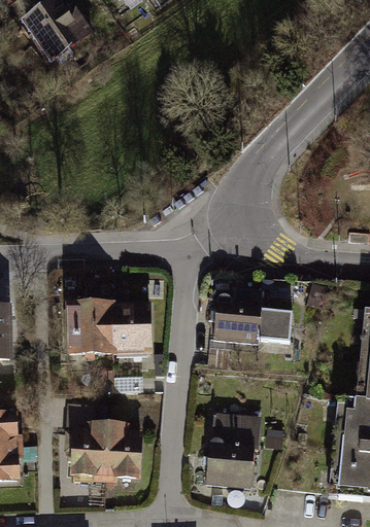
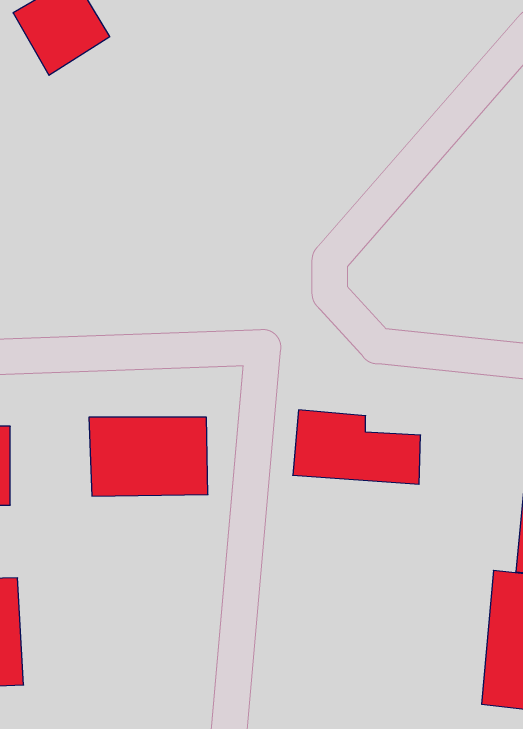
building: [207,411,260,486] -> none
building: [78,419,144,479] -> none

